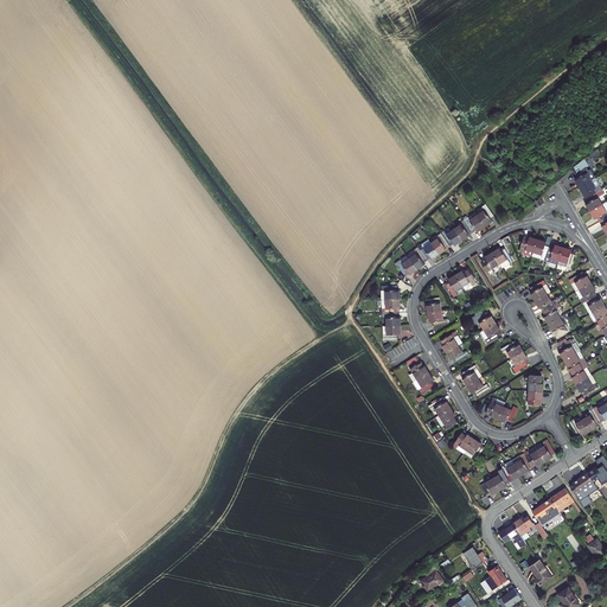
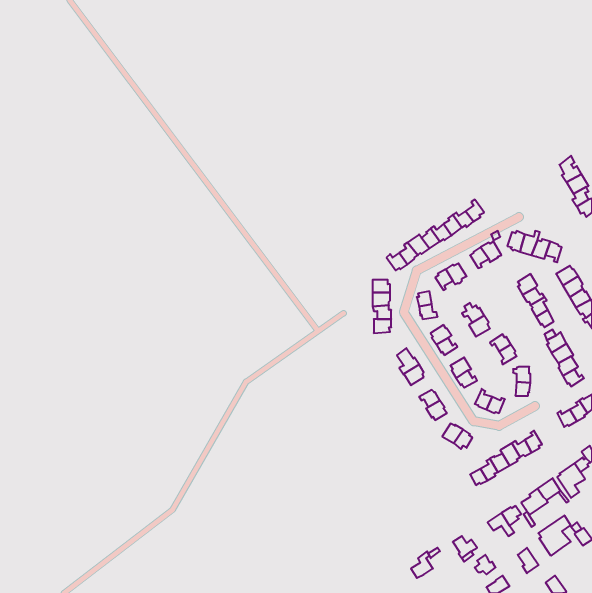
building: none -> [538,515,571,556]

